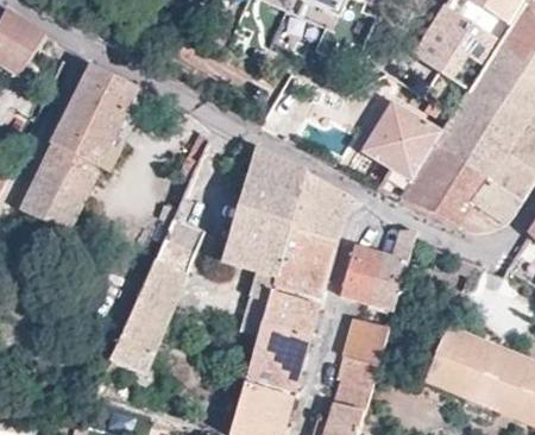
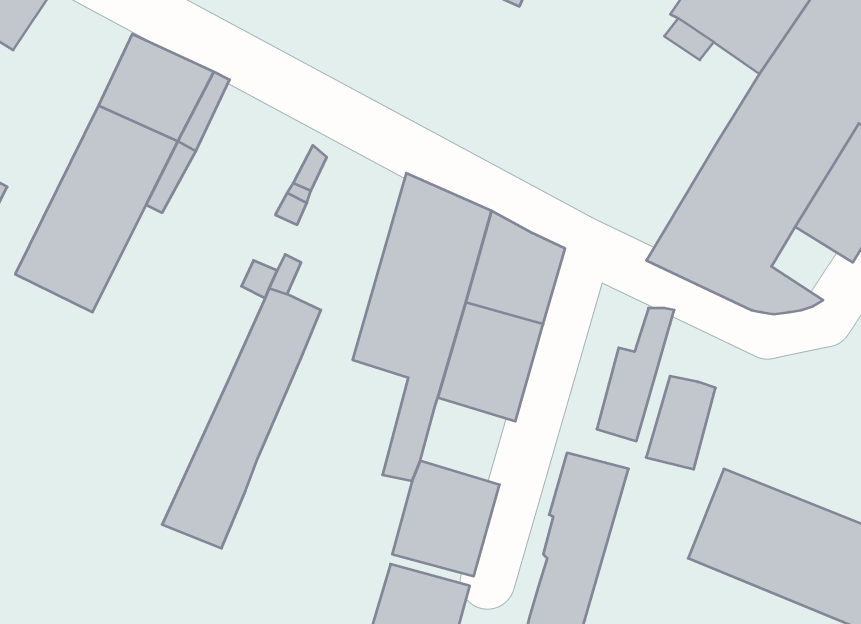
building: [361,100,442,201] -> none
building: [474,181,523,225] -> none
building: [341,246,383,302] -> [646,376,716,469]
building: [264,290,320,335] -> none

